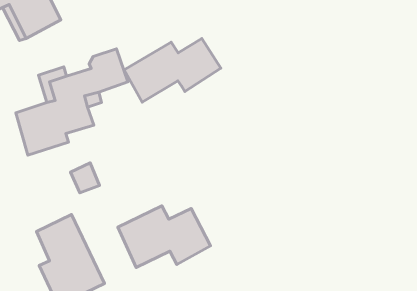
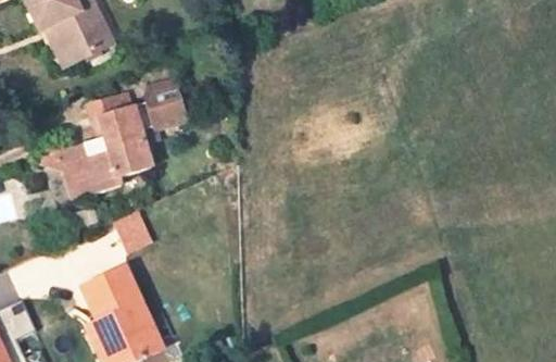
building: [124,38,221,102] -> none
building: [118,206,211,268] -> none

